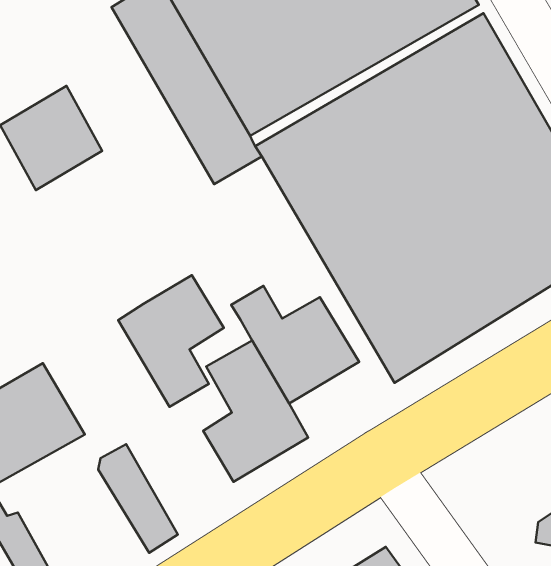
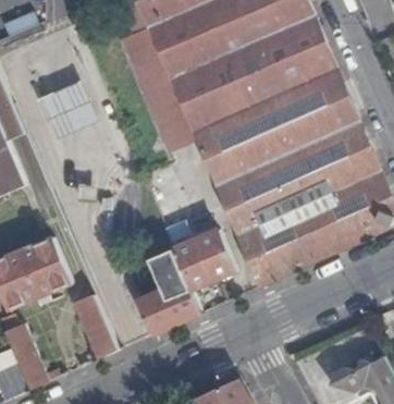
building: [118,275,224,407] -> none

